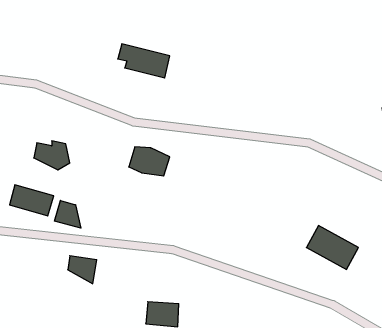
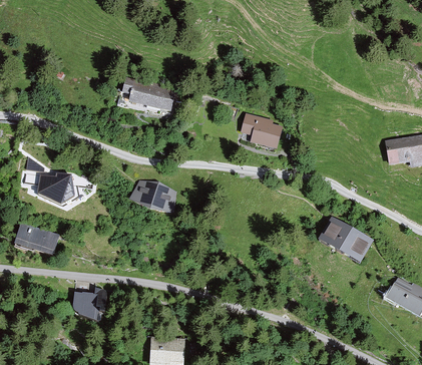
building: none -> [244,115,282,150]
building: [55,200,81,228] -> none
building: [306,226,358,269] -> [320,219,372,263]

